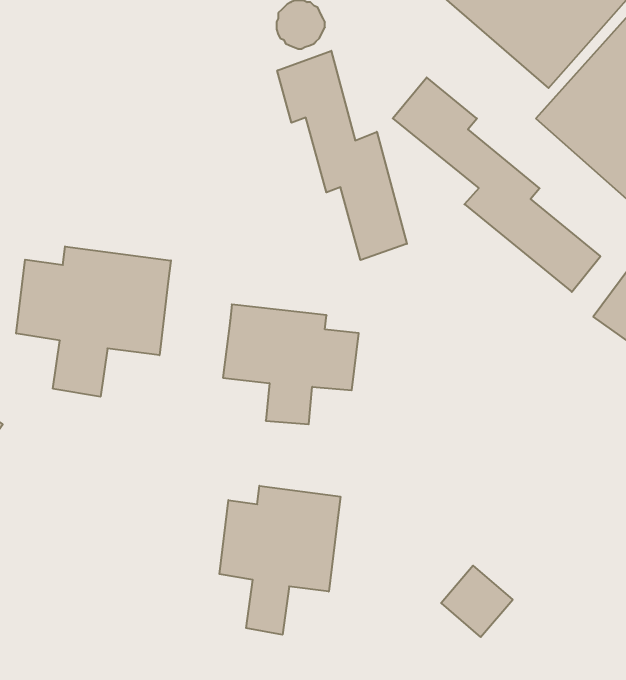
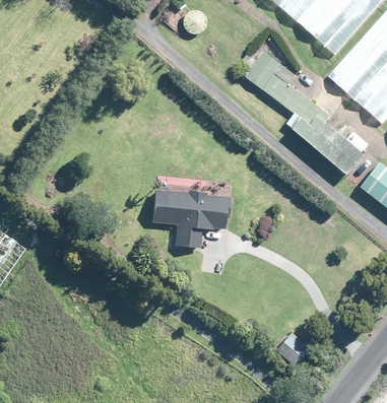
building: [277,51,407,260] -> none
building: [16,246,171,397] -> none
building: [219,486,340,635] -> none

